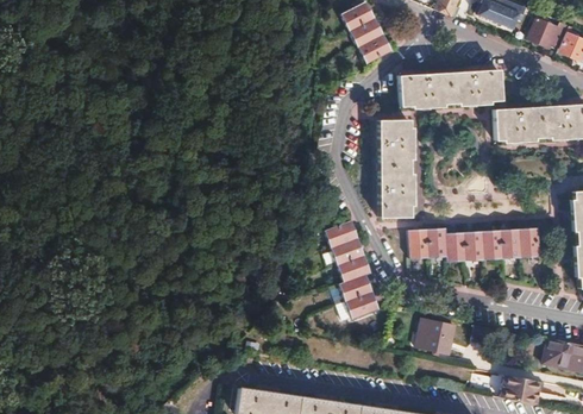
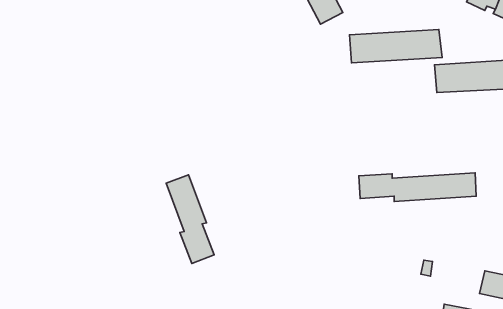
building: [377,119,410,217] -> none
building: [325,220,378,319] -> [166,175,214,263]
building: [415,319,455,353] -> none

